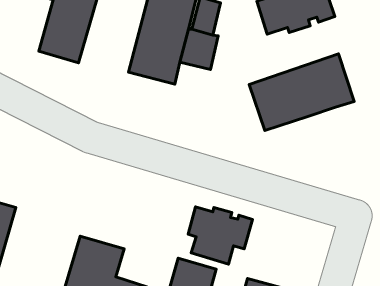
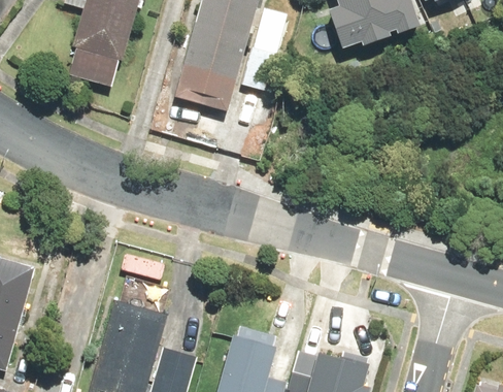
building: [249,54,354,130] -> none
building: [188,207,253,264] -> none

